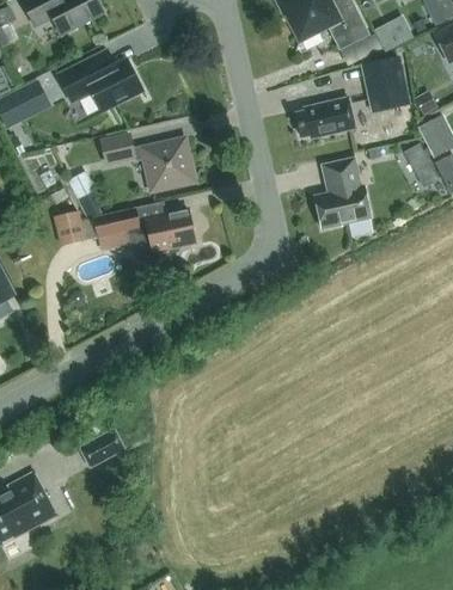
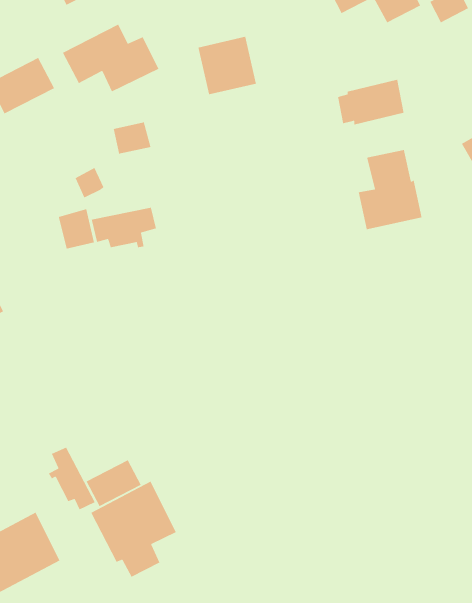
building: [366,56,409,110] -> none
building: [142,139,194,190] -> [198,36,257,95]
building: [129,208,196,264] -> none
building: none -> [48,446,96,510]
building: none -> [90,480,177,578]

